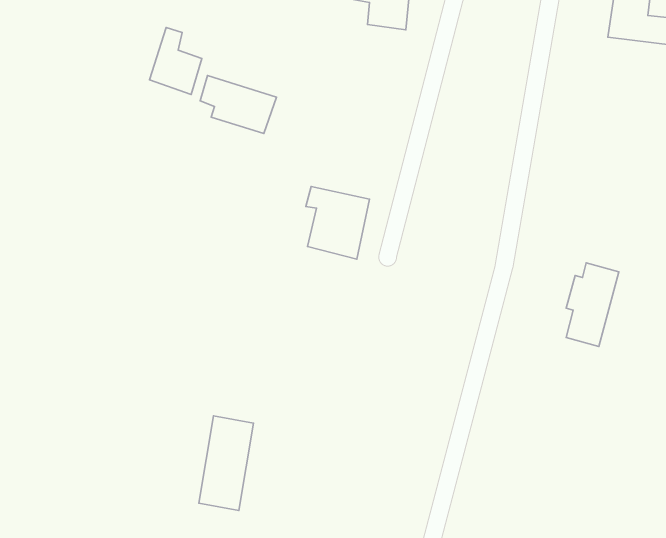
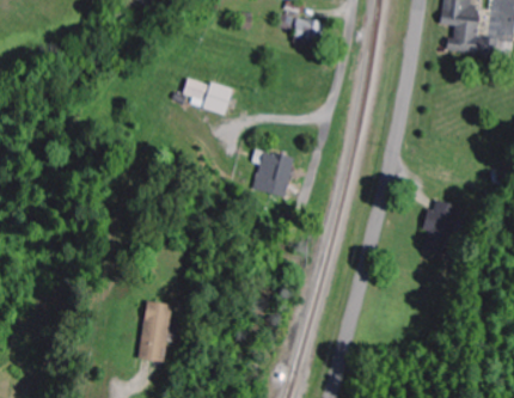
building: [149,27,202,94] -> none
building: [199,416,253,510] -> [137,301,173,363]

